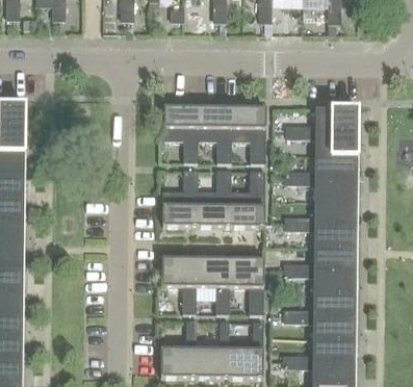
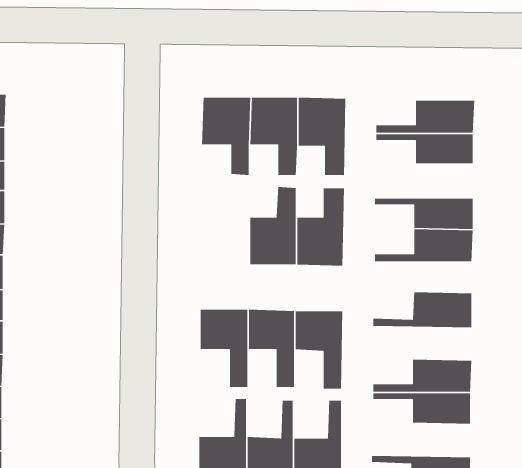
building: [286,153,357,177] -> none
building: [162,169,198,225] -> none
building: [286,223,356,244] -> none
building: [285,268,356,292] -> none
building: [284,337,355,361] -> none

